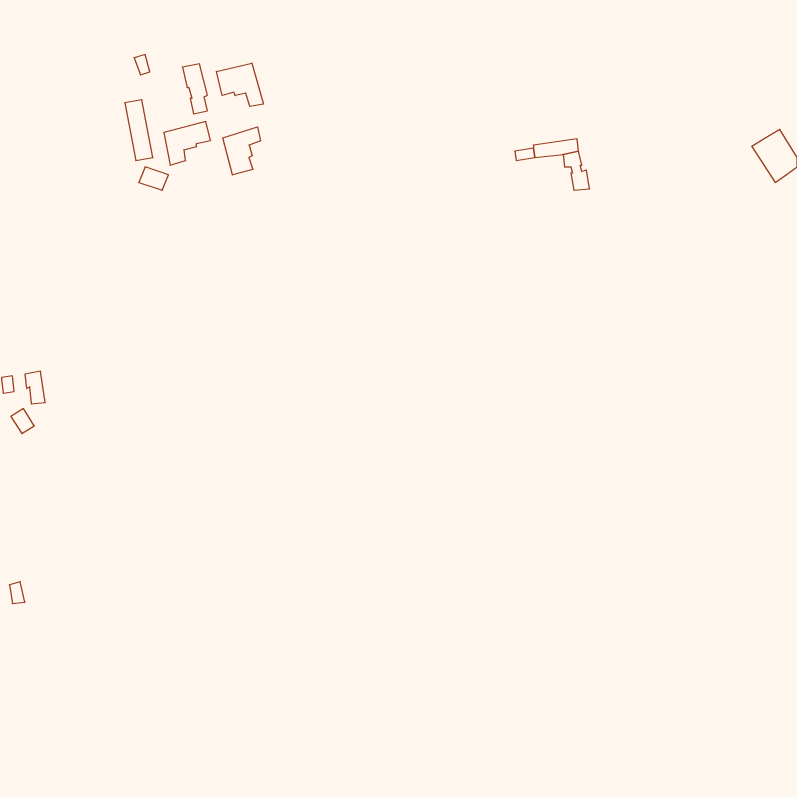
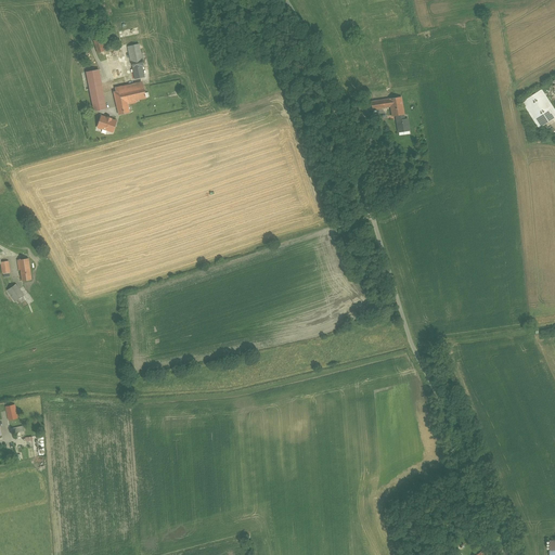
building: [216,63,263,106] -> none
building: [223,127,260,175] -> none

